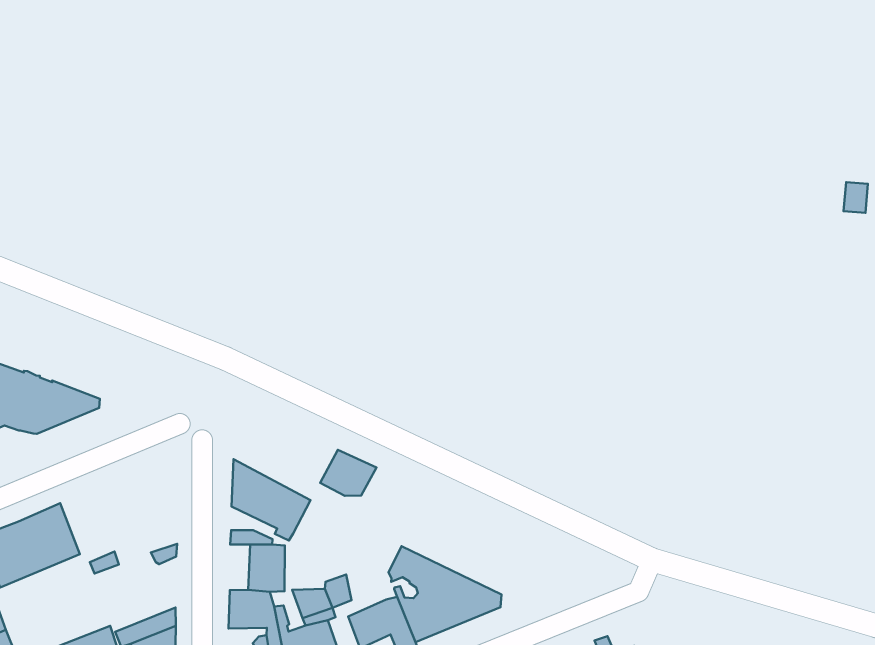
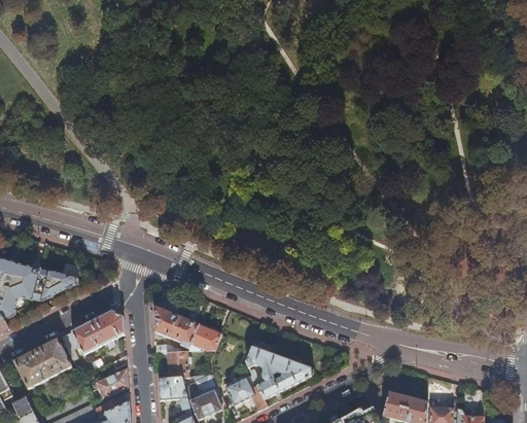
building: [320,450,376,496] -> [190,324,221,350]
building: none -> [62,310,124,356]
building: none -> [95,367,128,397]

